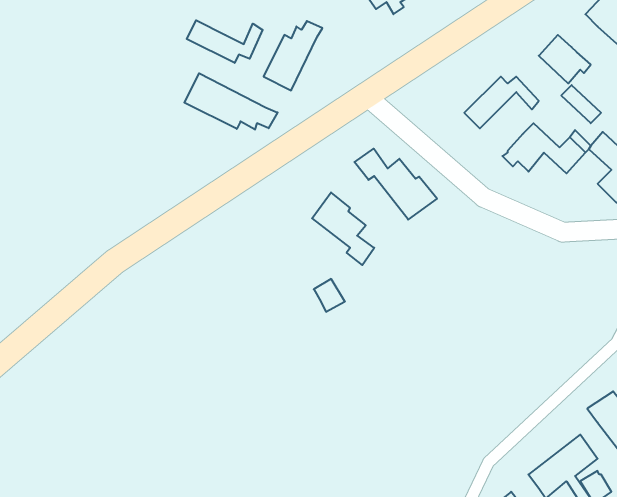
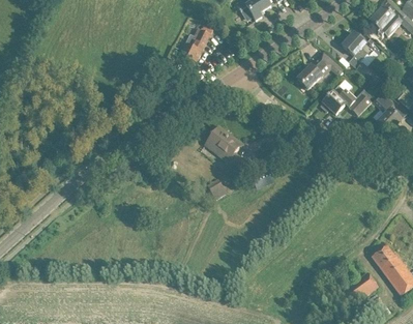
building: [187,20,263,63] -> none
building: [184,73,278,130] -> none
building: [354,149,437,220] -> none

